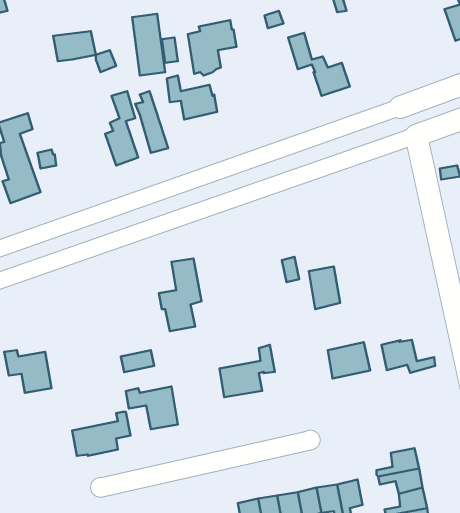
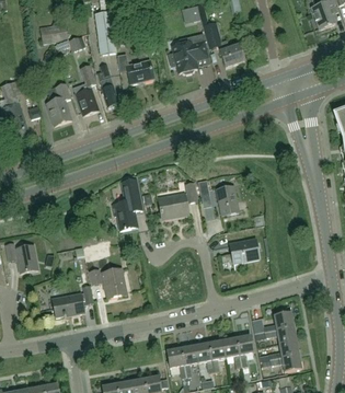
building: [188,20,237,75] -> [173,36,207,74]
building: none -> [47,82,72,125]
building: [382,340,435,373] -> none
building: [220,345,275,397] -> [159,182,197,218]

